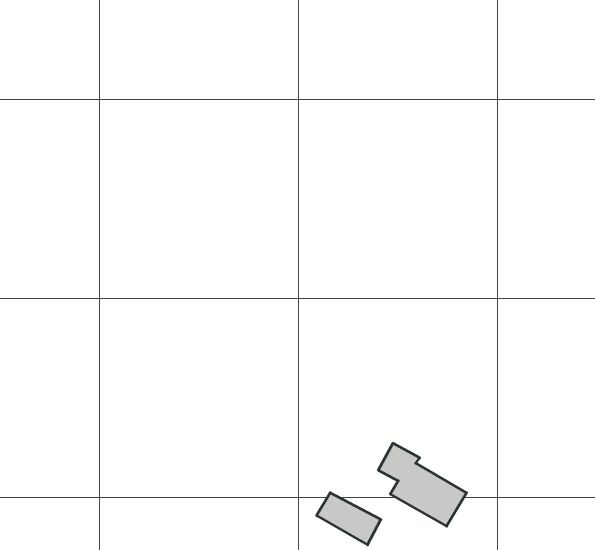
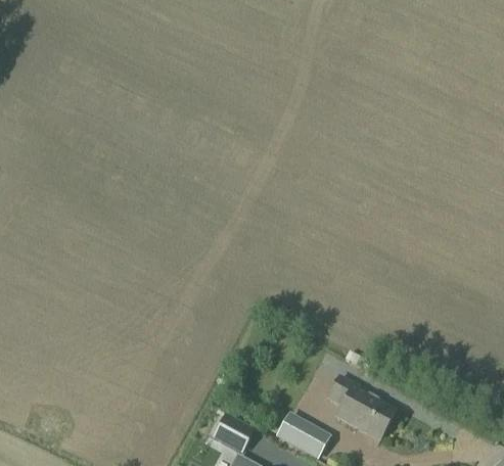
building: none -> [211,416,249,453]

